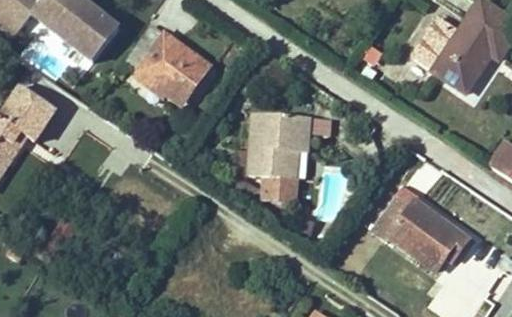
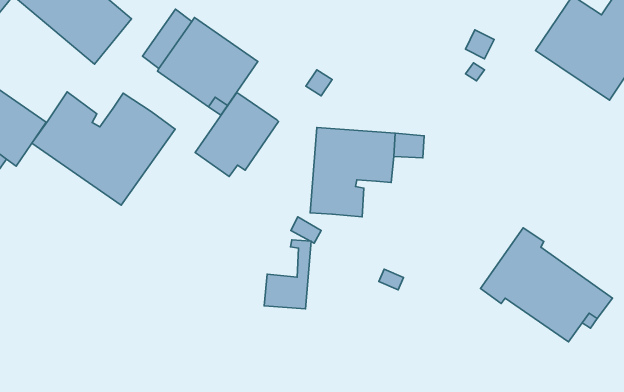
building: none -> [32,92,175,205]
building: none -> [195,92,279,177]
building: [263,150,297,200] -> [264,240,311,309]

